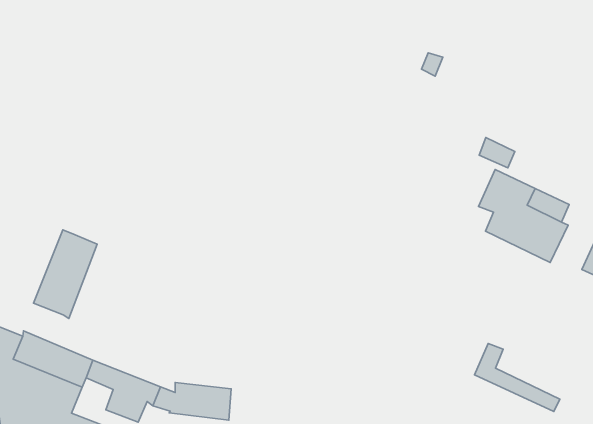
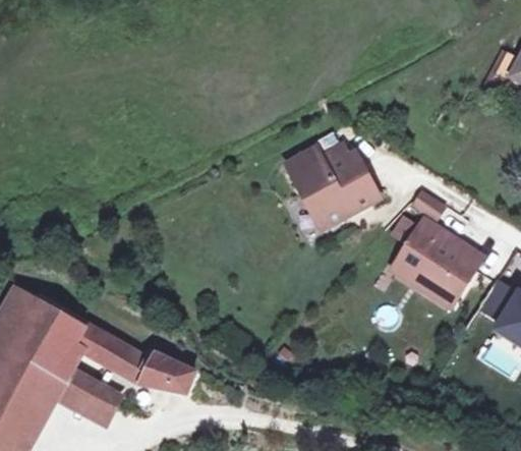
building: none -> [286,145,380,229]
building: [34,230,97,319] -> none
building: [474,343,560,412] -> [393,245,458,306]

